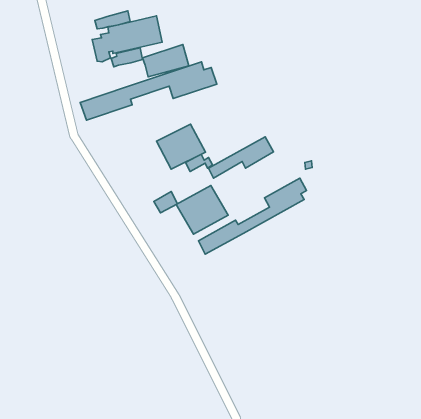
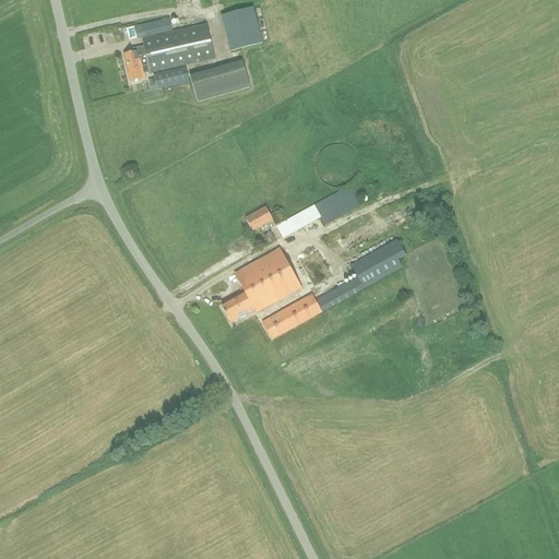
building: none -> [221,7,263,50]
building: [80,62,217,120] -> none
building: [157,124,205,169] -> none
building: [154,191,178,213] -> [223,290,254,319]

